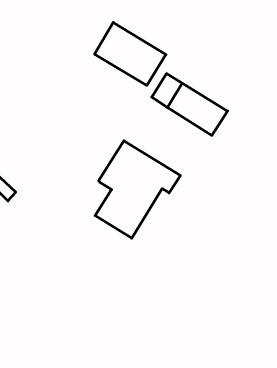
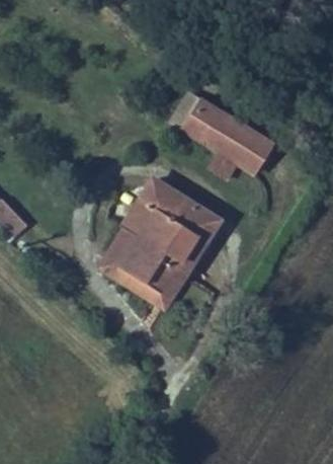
building: [95,22,166,85] -> none
building: none -> [101,227,205,305]

